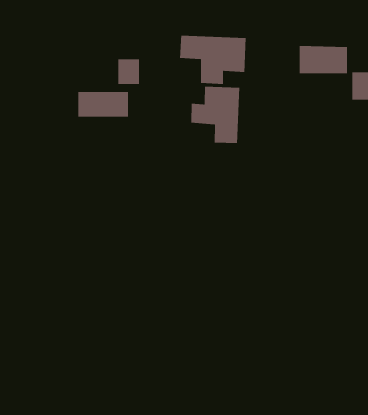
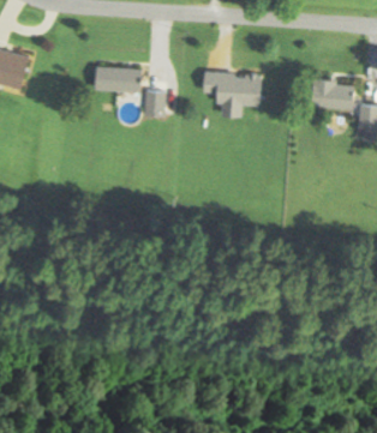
building: [190,86,240,144] -> none
building: [78,91,129,117] -> [95,67,142,91]

